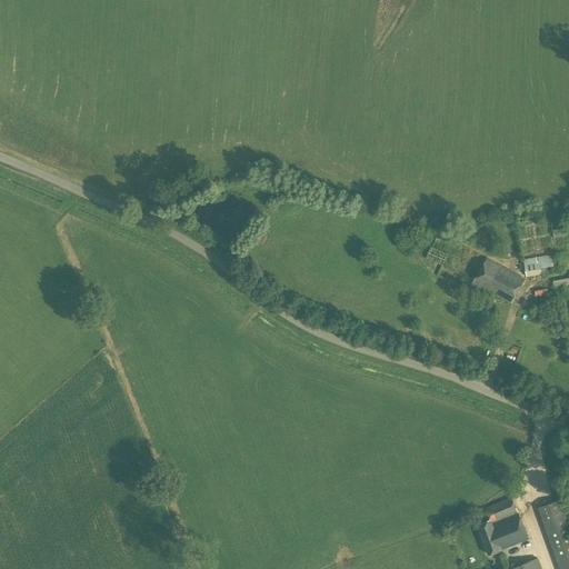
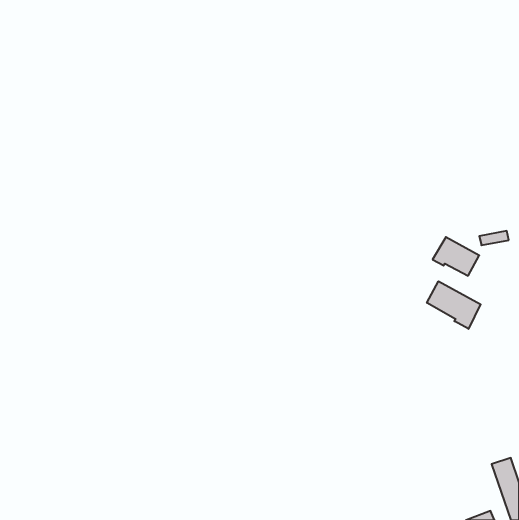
building: none -> [427,281,481,329]
building: [476,498,527,553] -> none

